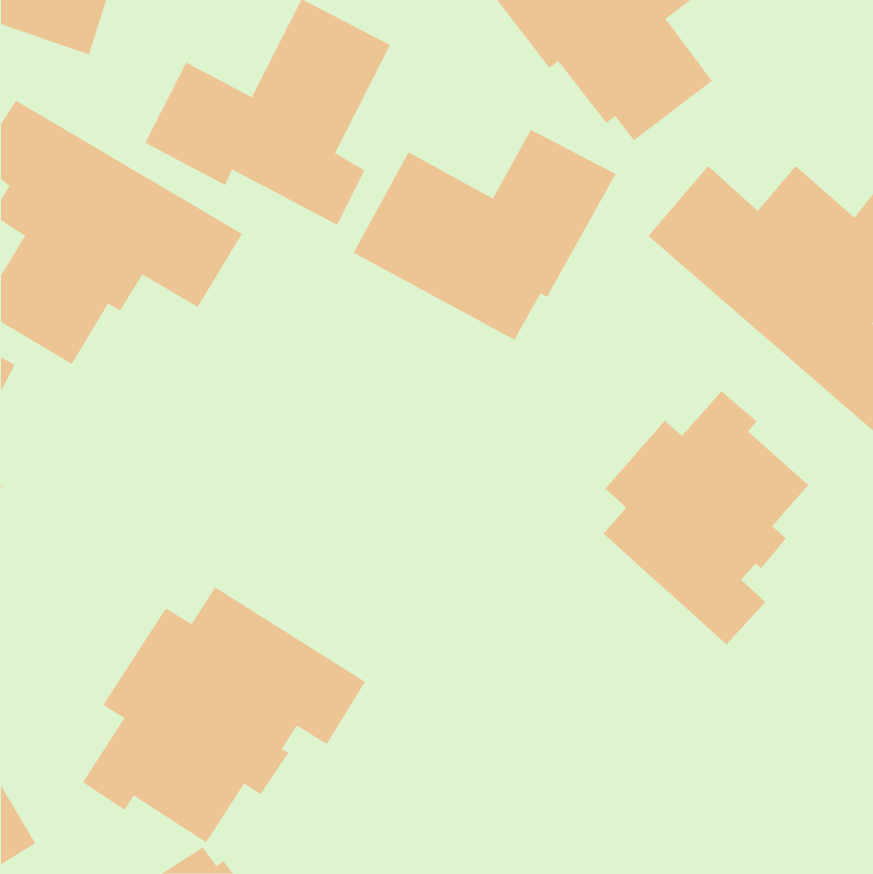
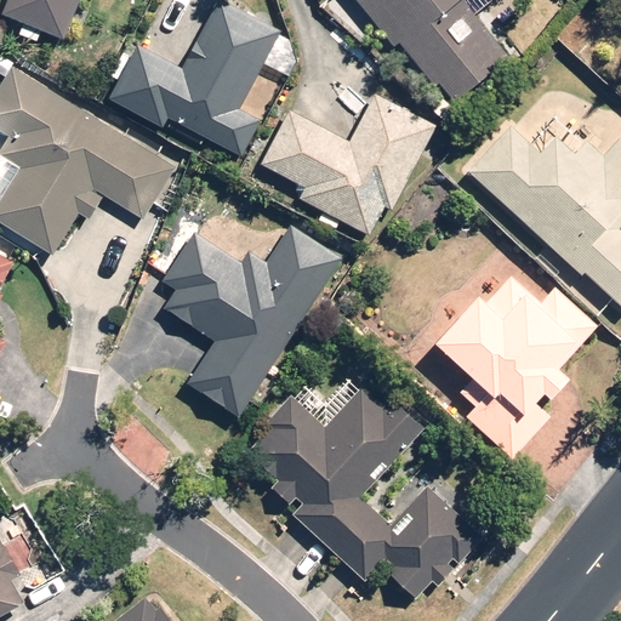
building: none -> [163,230,337,417]
building: none -> [245,384,486,599]
building: [82,587,366,843] -> none

